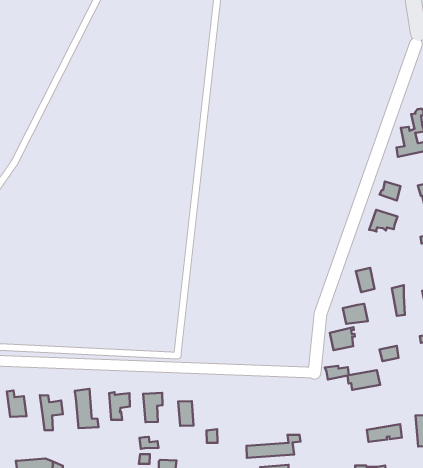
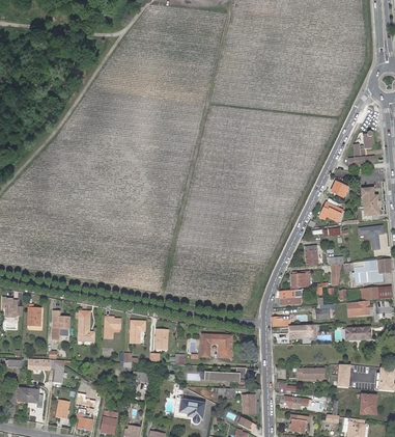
building: none -> [201,335,231,357]

